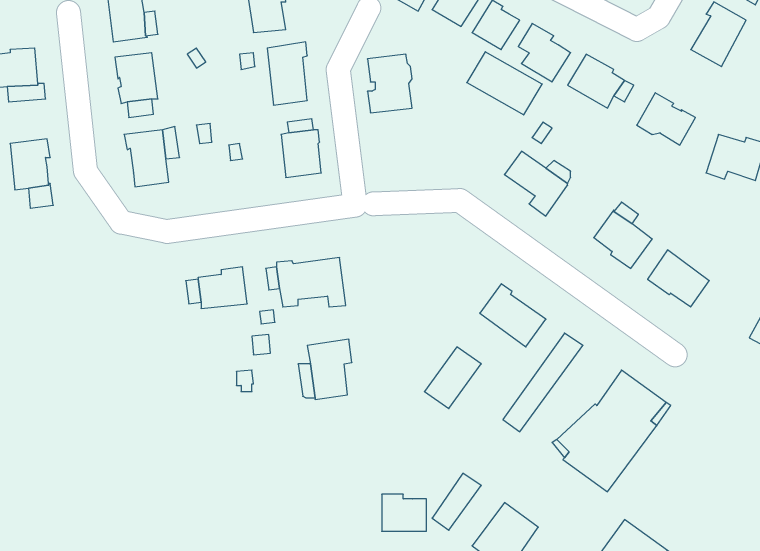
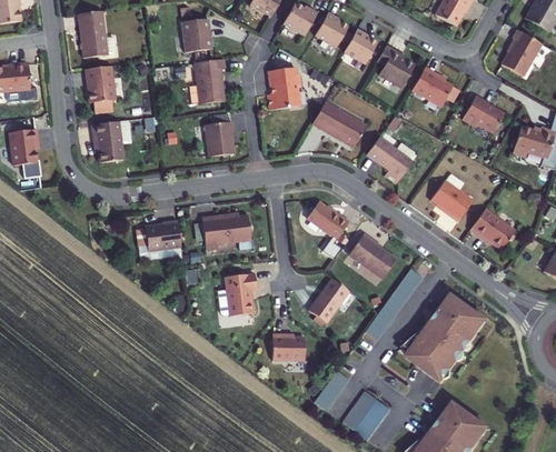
building: [467,52,542,115] -> [311,101,366,147]
building: none -> [308,201,348,238]
building: [382,494,426,531] -> [271,333,304,360]

